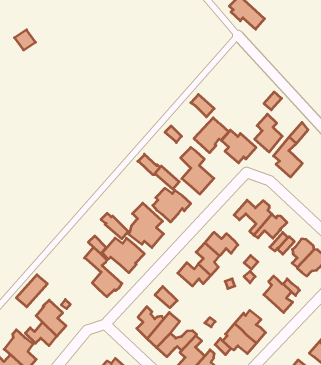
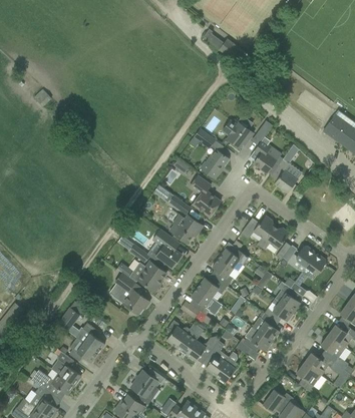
building: [221,130,256,163] -> [223,120,254,148]
building: none -> [191,288,218,316]
building: none -> [264,299,294,324]

